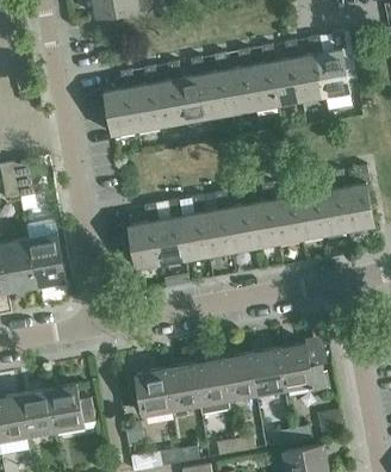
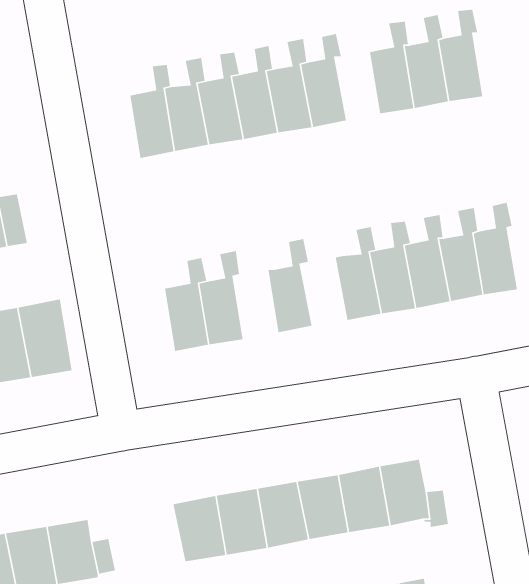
building: [246,45,277,111] -> none
building: [222,188,254,253] -> none
building: [175,197,206,262] -> none

